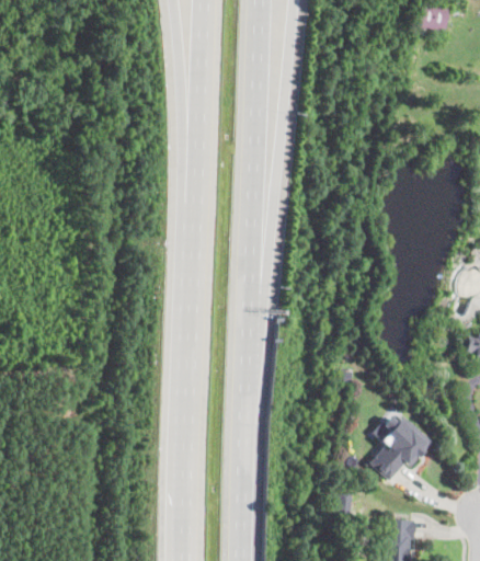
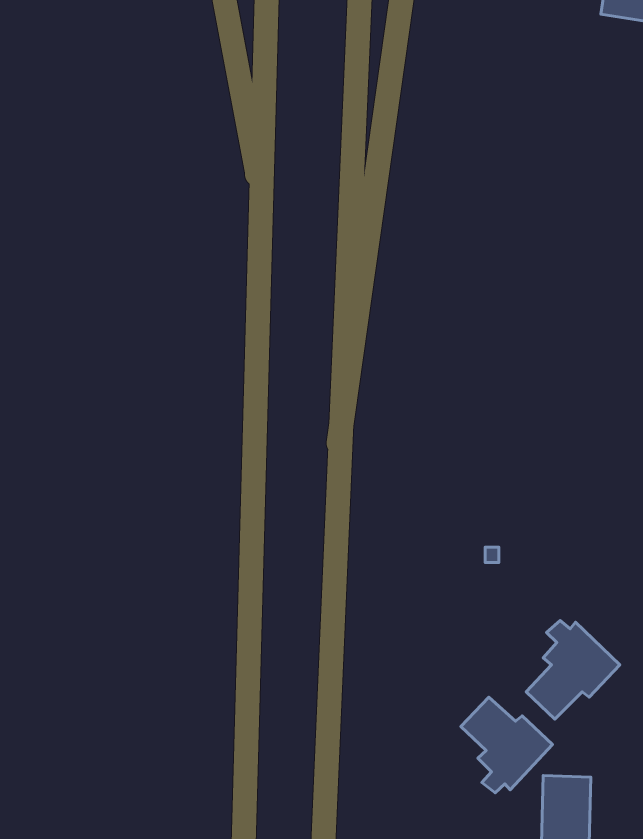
building: none -> [461,697,553,793]

